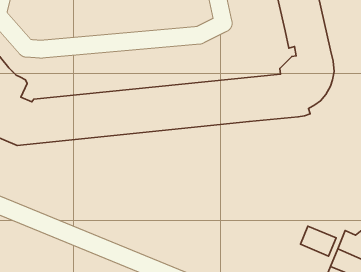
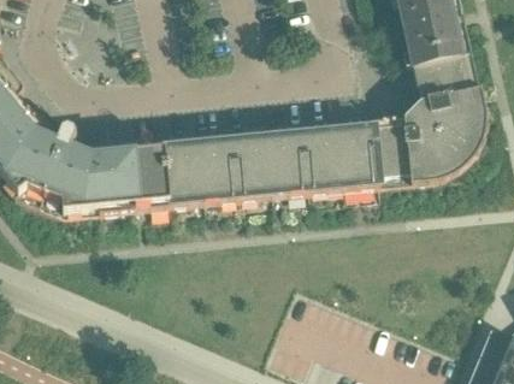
building: [301,226,336,256] -> none

